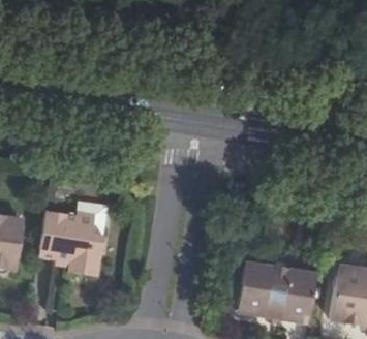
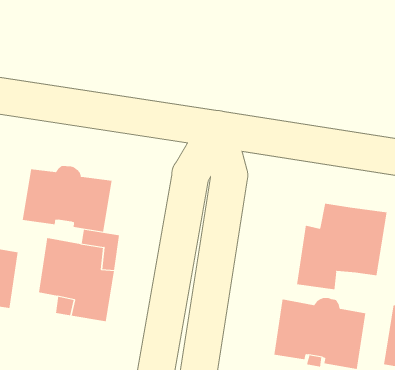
building: none -> [22,165,112,232]
building: none -> [297,203,387,290]

